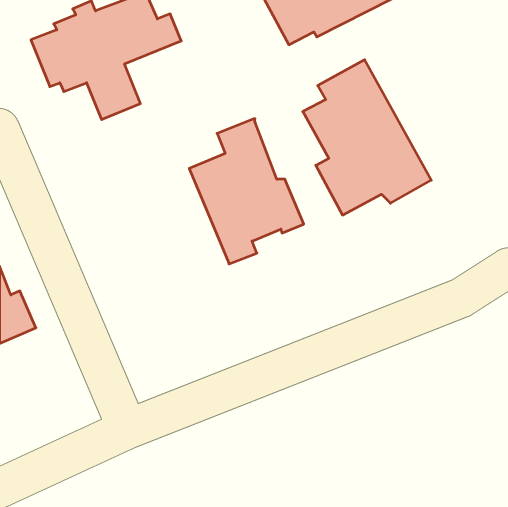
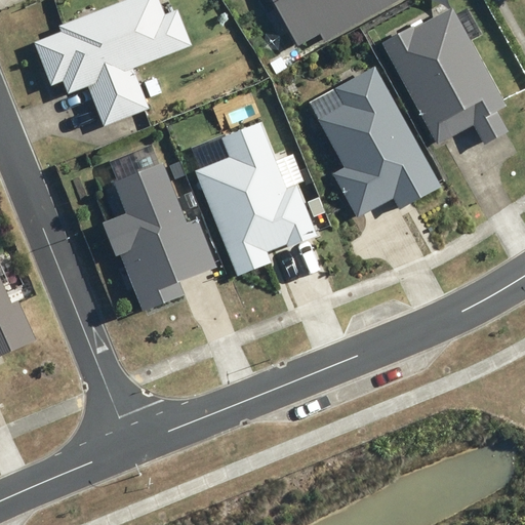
building: none -> [389,14,513,163]
building: none -> [97,162,217,315]

